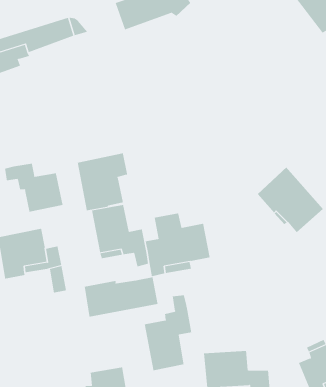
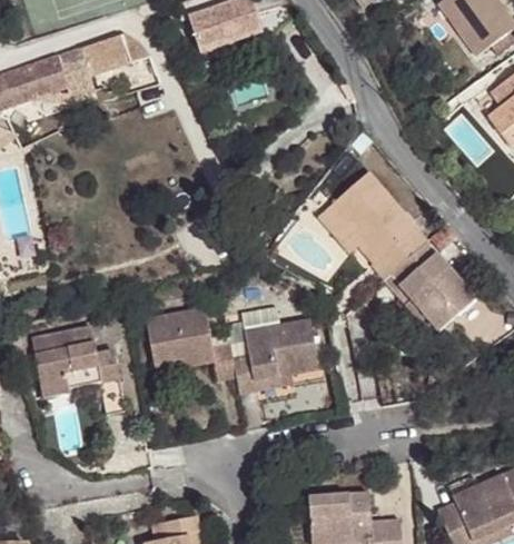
building: none -> [319,170,424,278]
building: [77,152,128,211] -> none
building: [5,163,63,212] -> none
building: [84,277,158,318] -> none
building: [144,294,192,371] -> none

